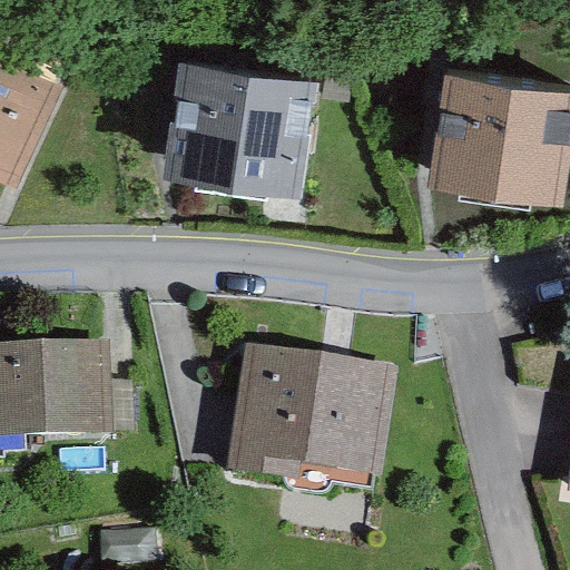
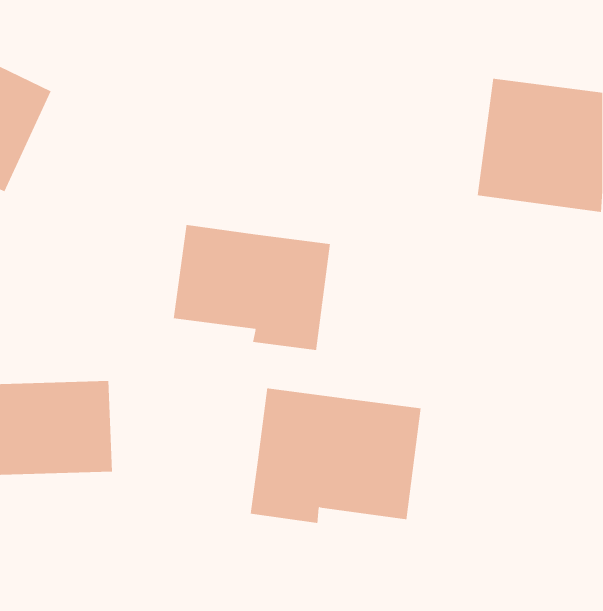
building: [175,62,305,187] -> none
building: none -> [173,224,331,351]

